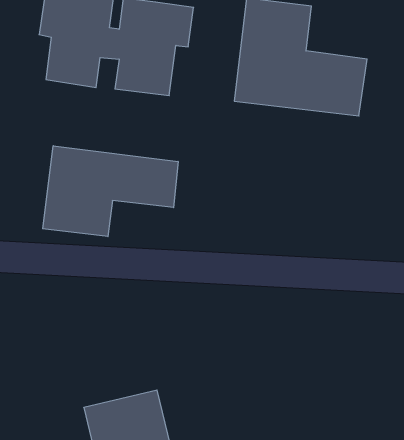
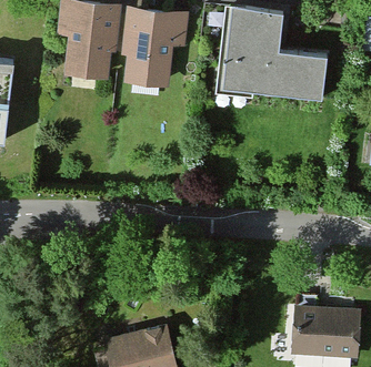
building: [43,146,178,237] -> none
building: none -> [290,306,357,357]

